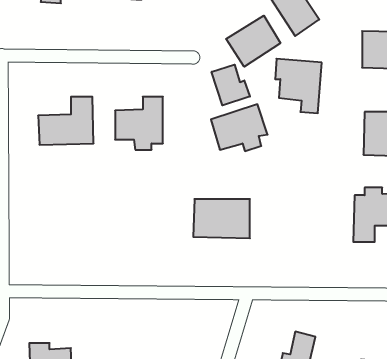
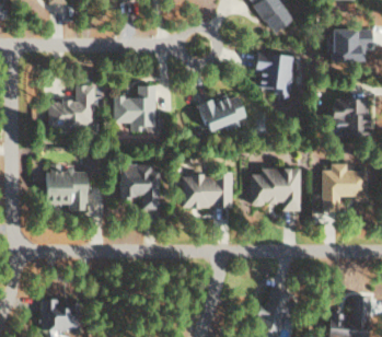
building: [226,16,280,67] -> none
building: [212,65,250,105] -> none
building: none -> [43,165,90,210]
building: none -> [120,165,162,210]
building: none -> [251,167,301,211]

